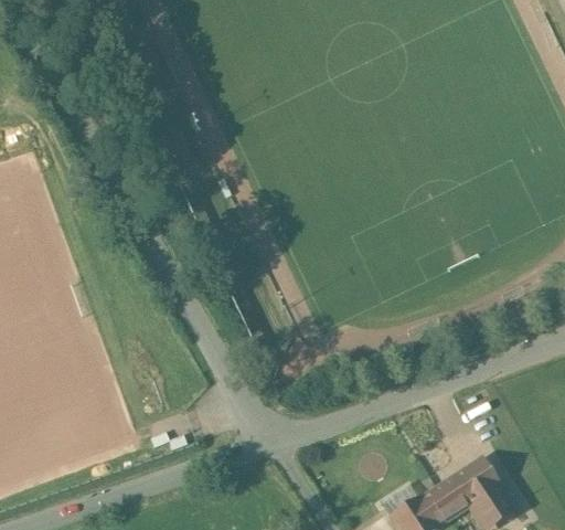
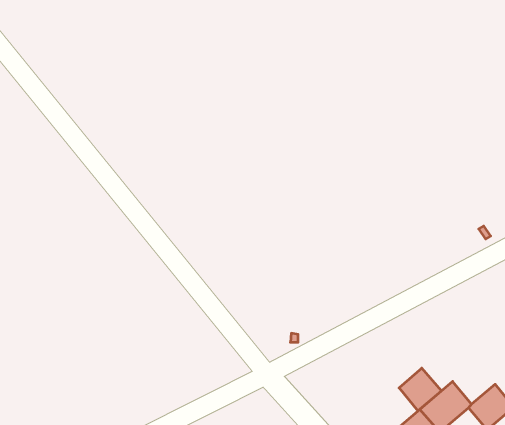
building: [456,458,498,500] -> [399,368,442,411]

